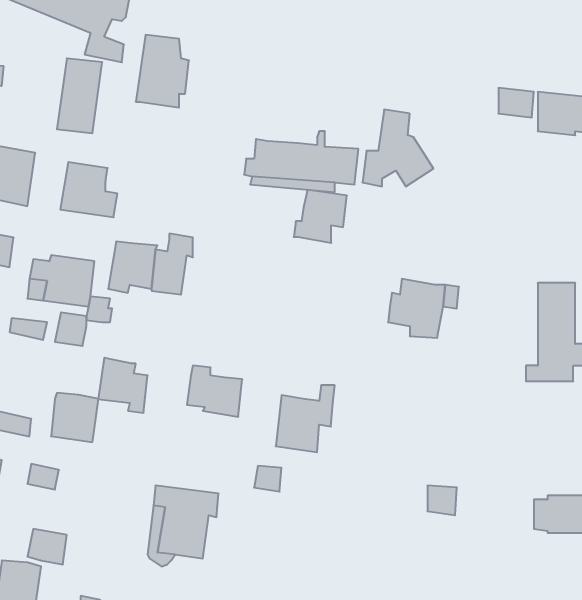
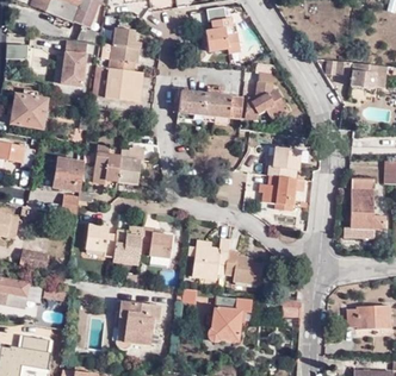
building: none -> [205,19,240,54]
building: [60,162,117,217] -> [105,68,140,101]
building: [294,190,347,243] -> [266,146,298,178]
building: [51,393,98,442] -> [112,230,141,259]
building: none -> [224,250,261,284]
building: none -> [208,296,247,351]

